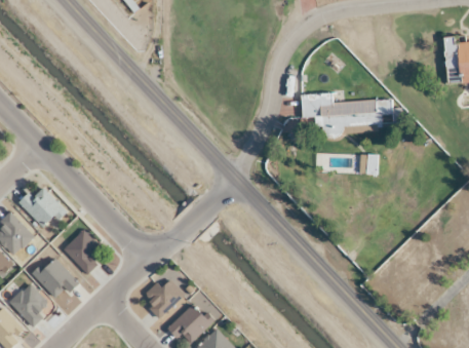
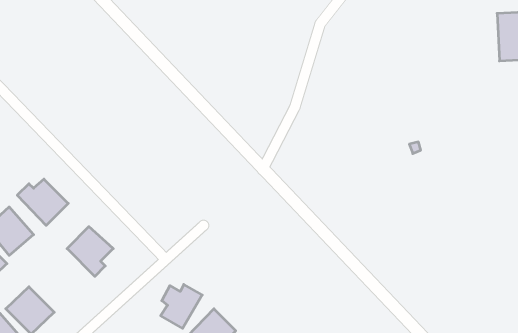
building: [300,92,392,134] -> none
building: [34,257,77,299] -> none

